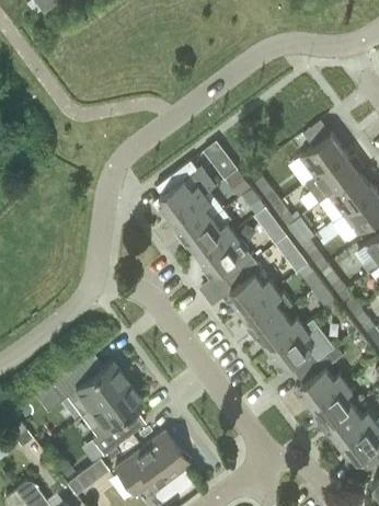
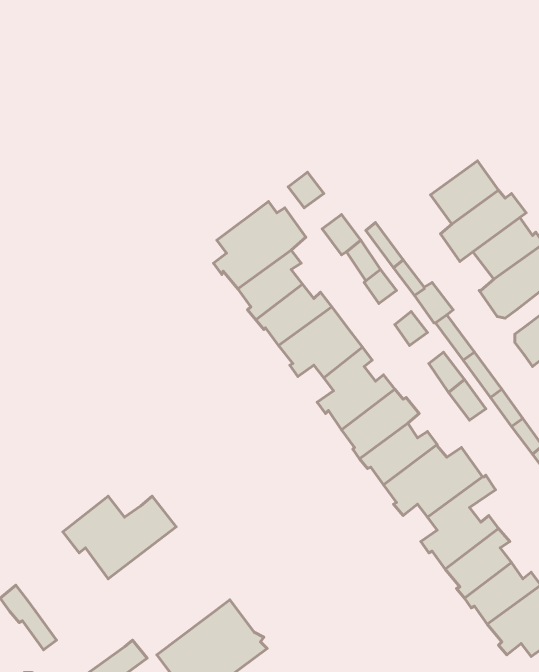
building: [82,382,143,456] -> none

